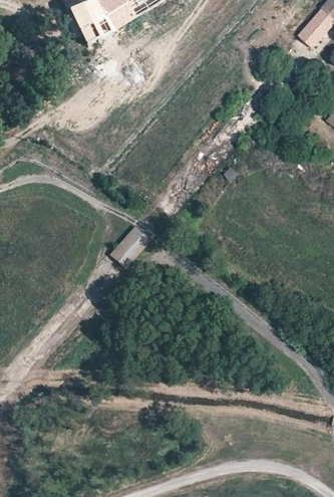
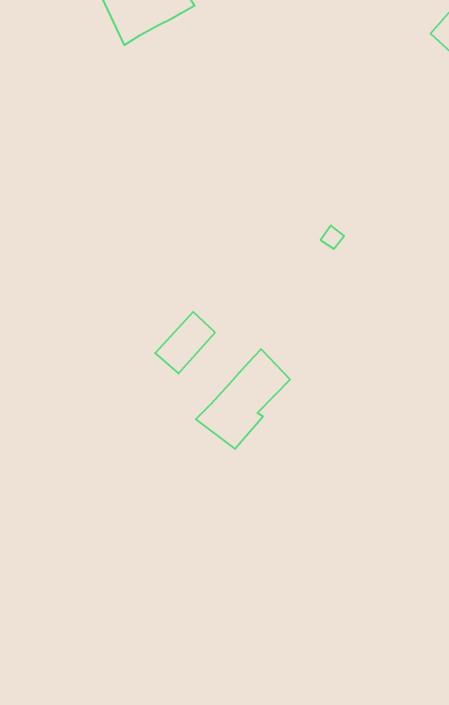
building: none -> [196,349,290,449]

